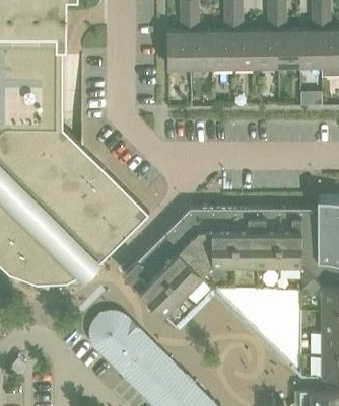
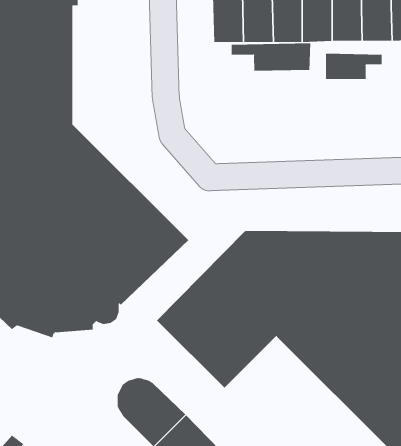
building: none -> [231,42,311,71]
building: none -> [326,53,382,80]

